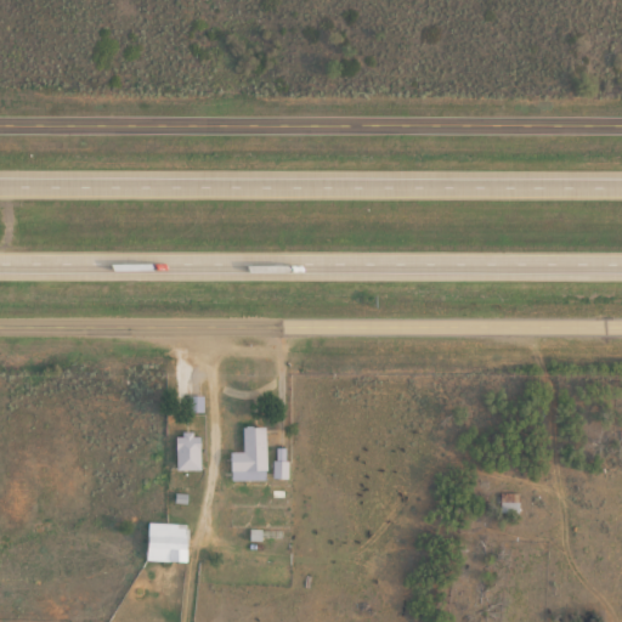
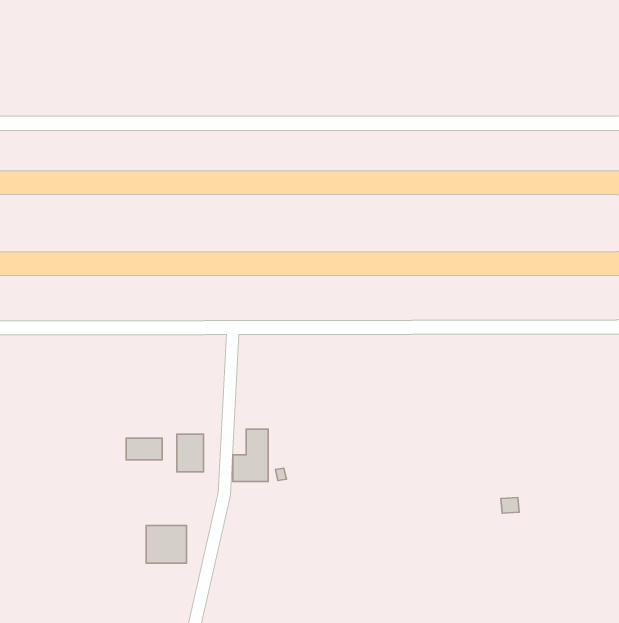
building: none -> [126,438,162,460]

